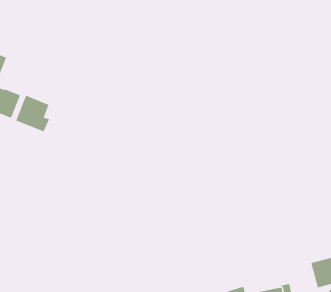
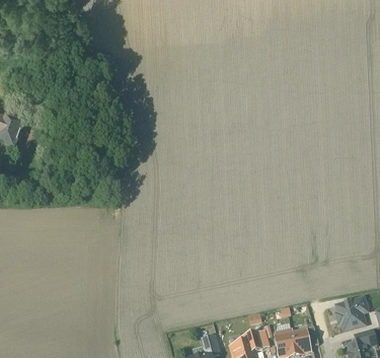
building: [16,95,50,132] -> none

